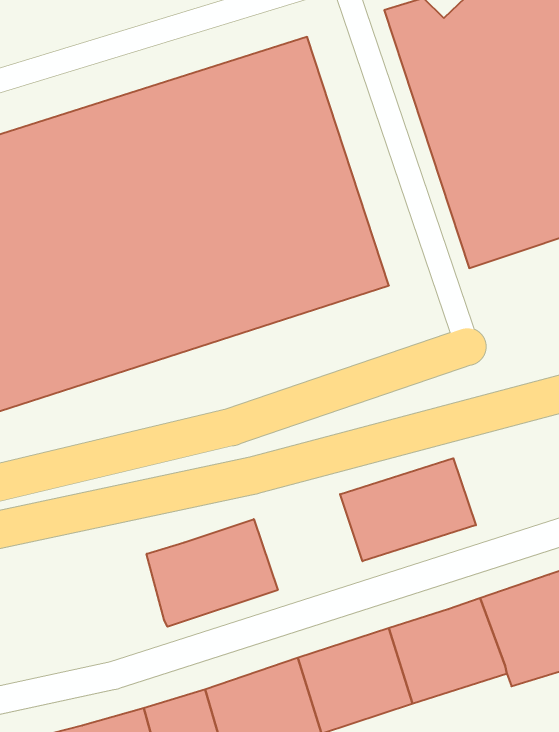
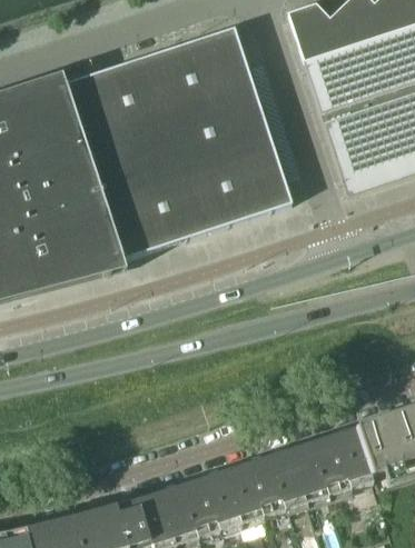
building: [340,458,476,561] -> none
building: [147,519,278,627] -> none

